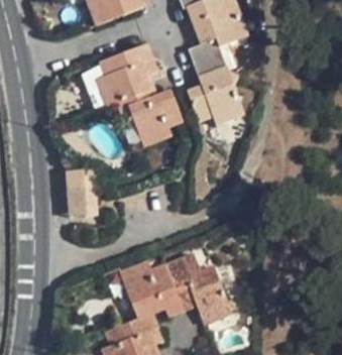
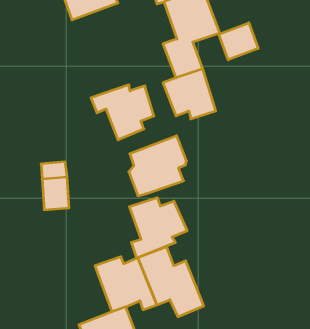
building: none -> [219,23,258,60]
building: [99,44,157,105] -> [129,136,187,196]
building: none -> [129,198,187,258]

